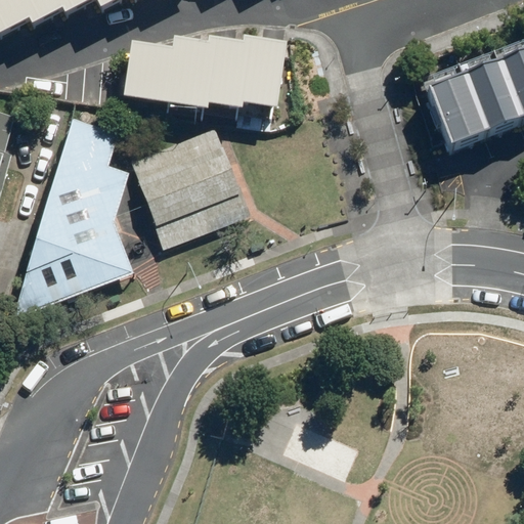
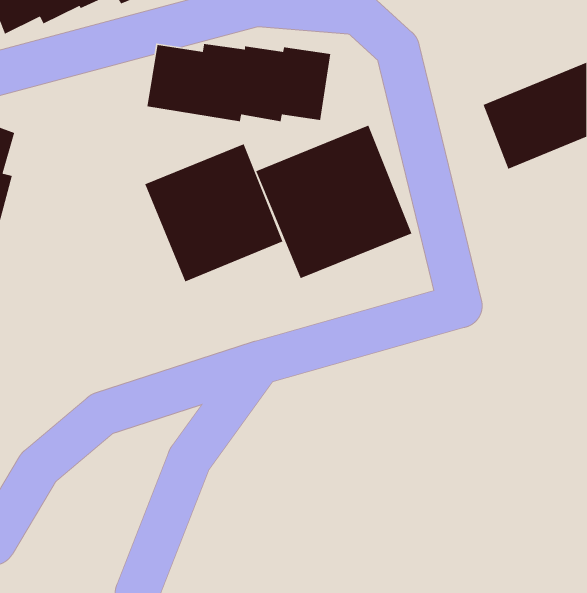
building: none -> [255,125,413,279]
building: [7,122,133,322] -> none

